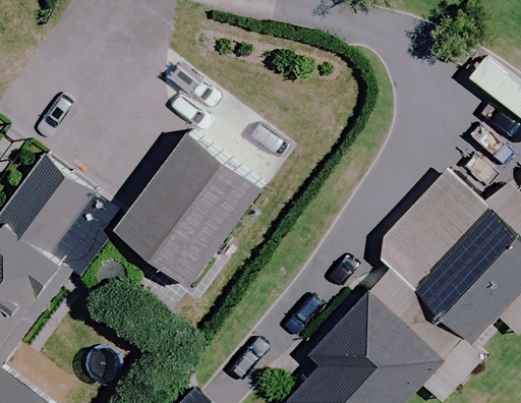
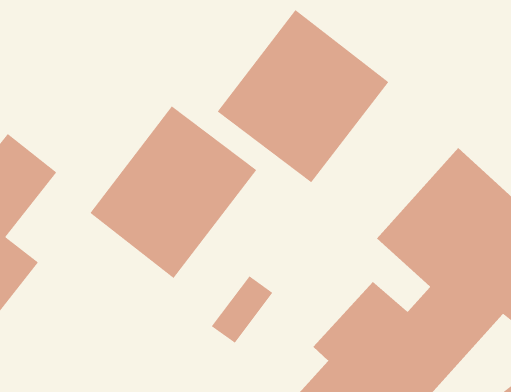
building: none -> [217,9,389,183]

